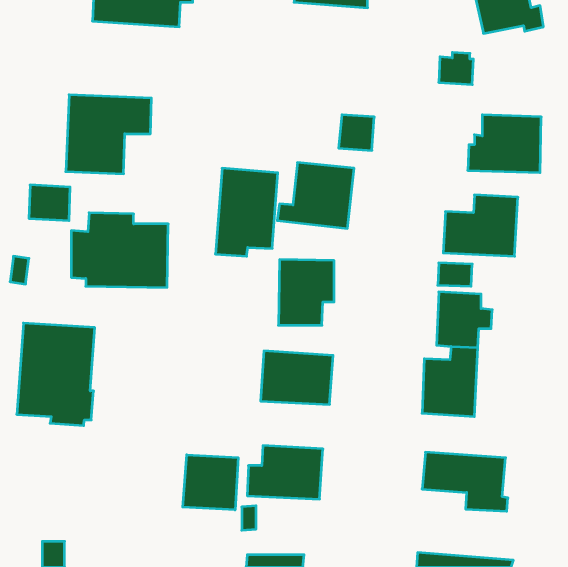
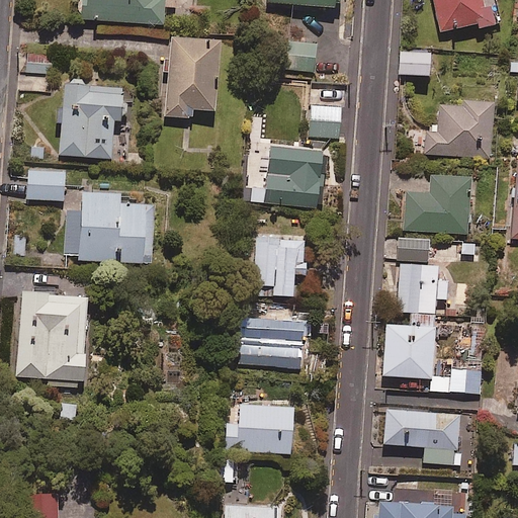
building: [215,168,278,256] -> [163,38,220,118]
building: none -> [431,367,481,394]
building: [183,455,238,510] -> none

